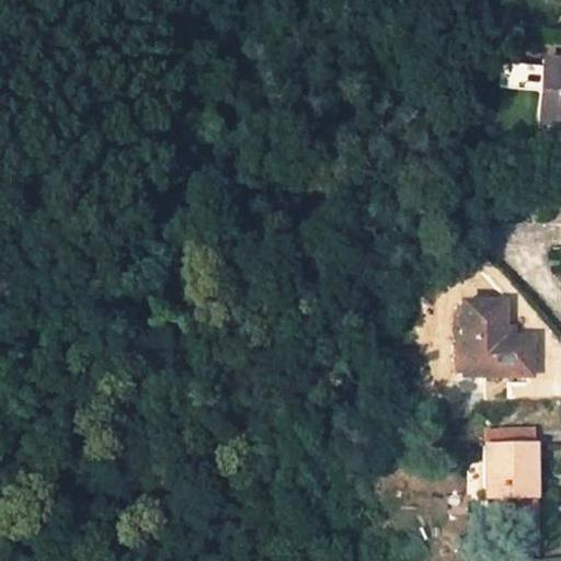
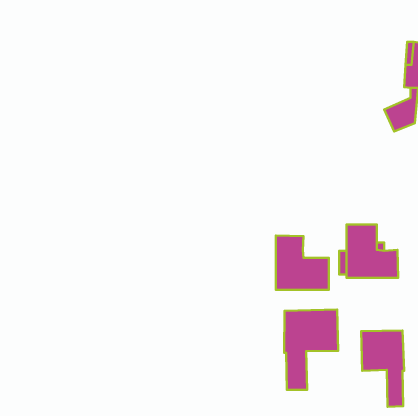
building: none -> [276,235,329,290]
building: none -> [284,310,338,390]

